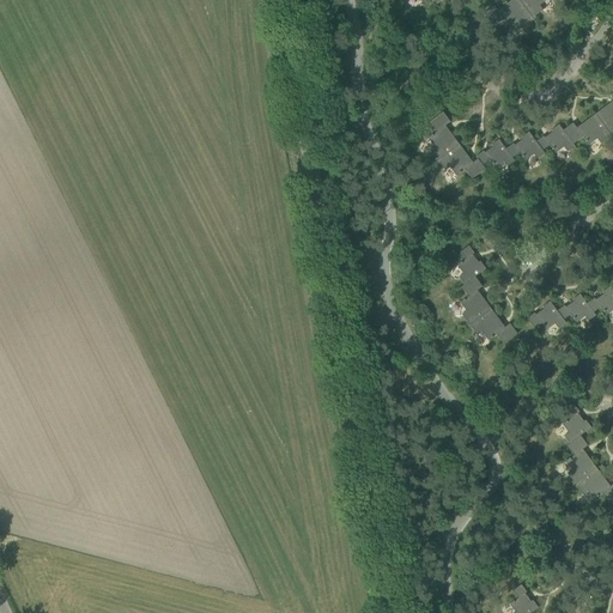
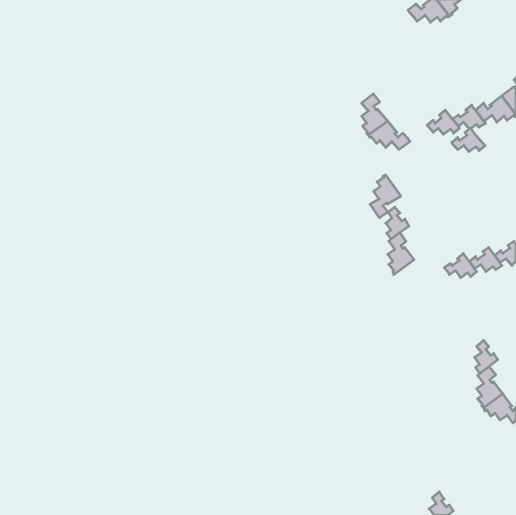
building: [477,139,516,166] -> [452,128,485,152]
building: none -> [370,175,401,218]
building: [467,308,516,342] -> none

